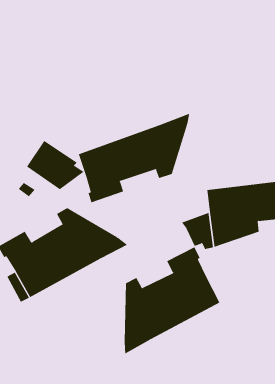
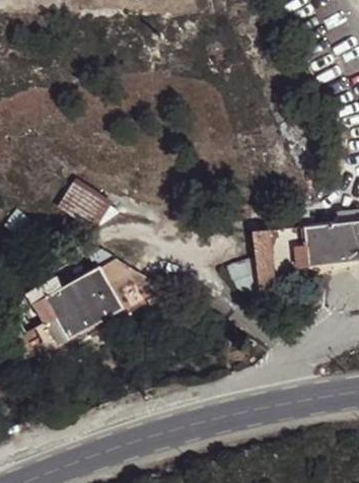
building: [78,113,190,203] -> none
building: [124,247,220,354] -> none

